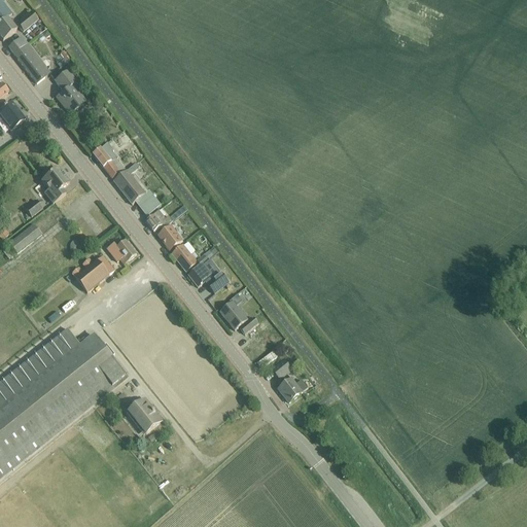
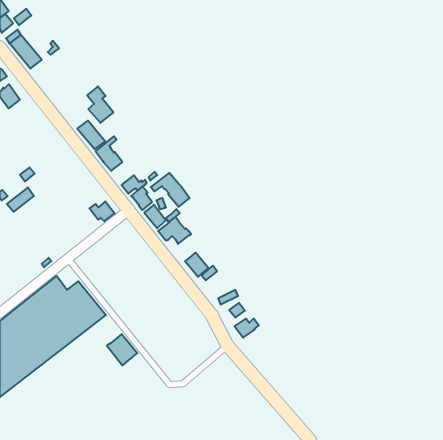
building: [54,69,84,112] -> [87,86,113,123]
building: [40,166,68,202] -> none
building: none -> [151,173,190,207]
building: [75,254,114,291] -> none

